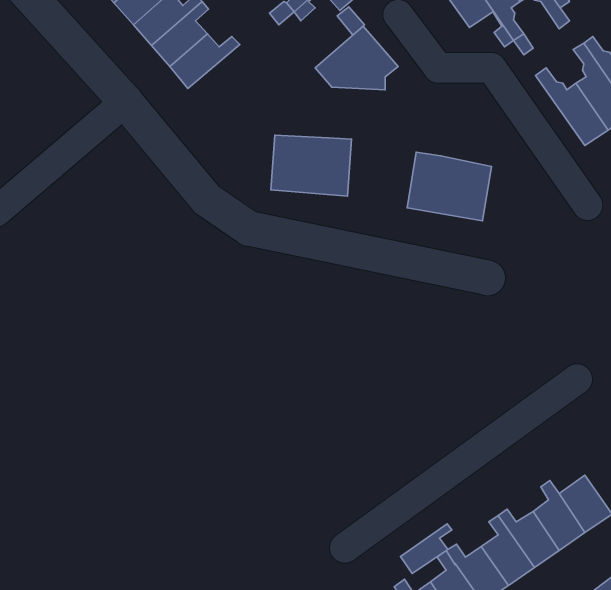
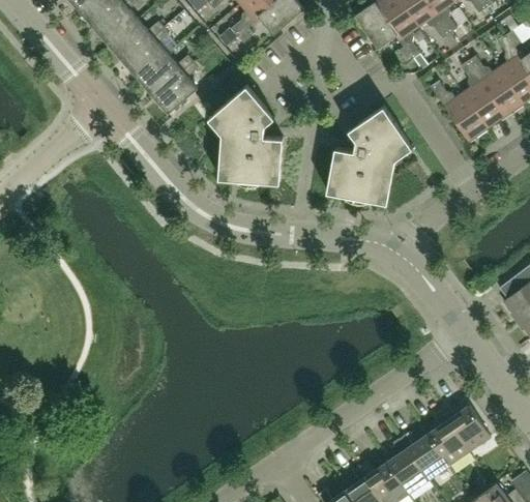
building: [315,26,398,90] -> [208,86,274,137]
building: none -> [152,62,198,115]
building: none -> [349,107,412,159]
building: [400,524,452,574] -> none

